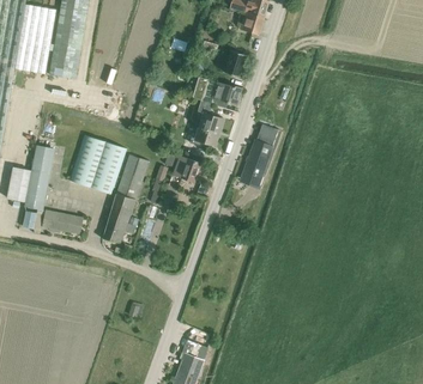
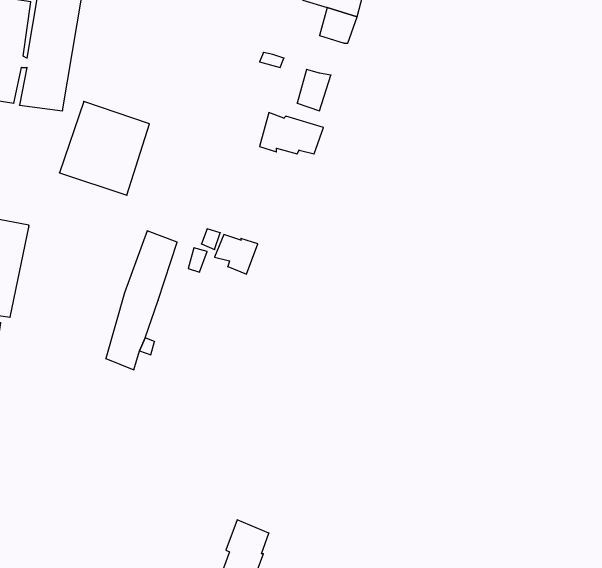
building: [195,100,223,145] -> none
building: [68,134,126,194] -> [59,101,149,195]
building: [241,140,272,185] -> none
building: [42,209,83,233] -> none

